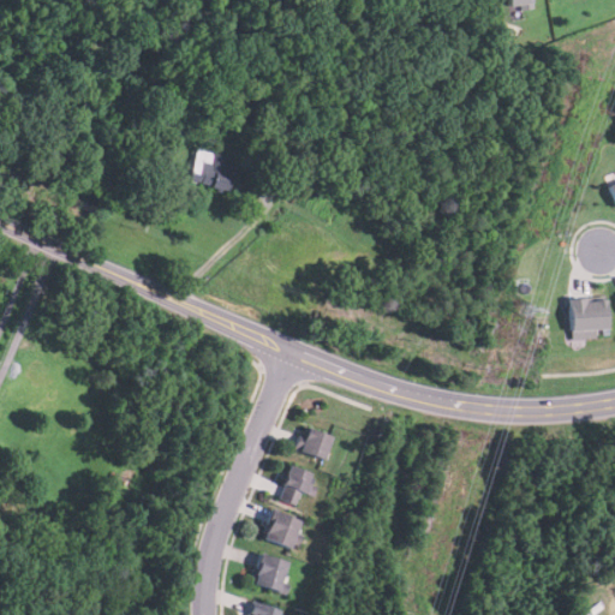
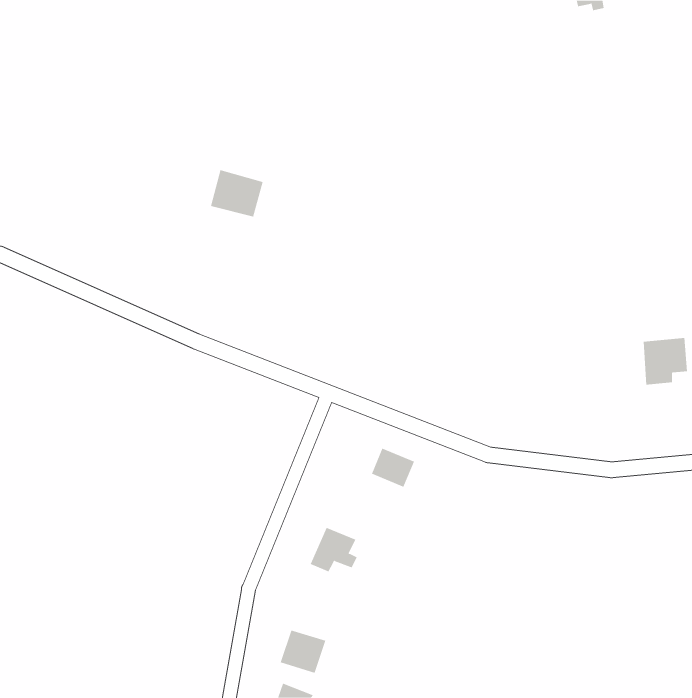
building: [295,425,334,460] -> [371,448,415,488]
building: [264,510,301,548] -> none

